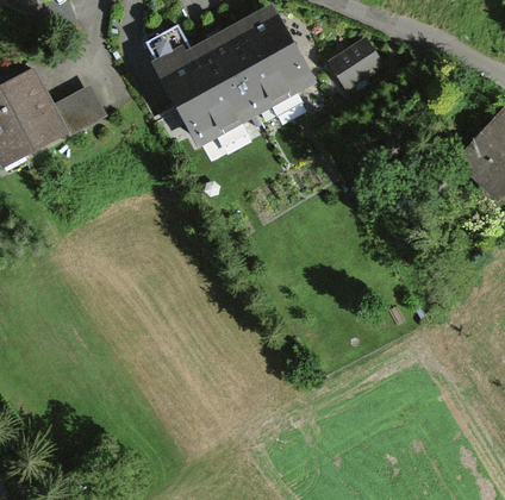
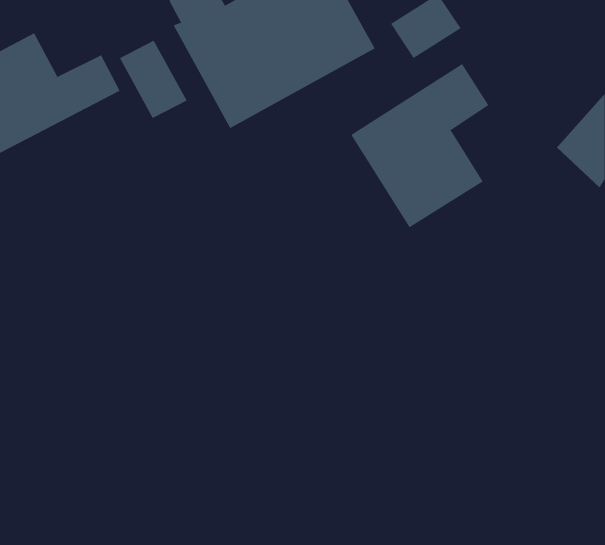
building: none -> [119,40,187,119]
building: none -> [350,63,489,228]

